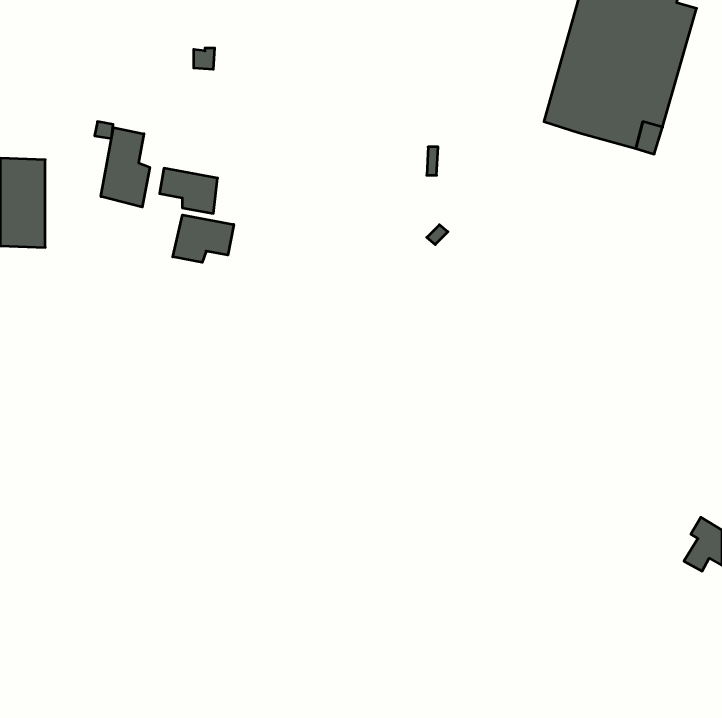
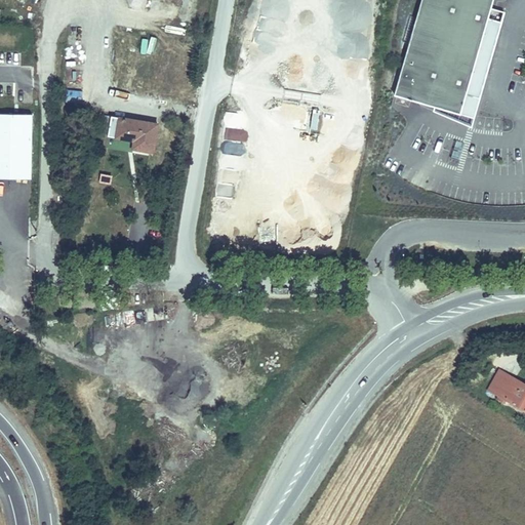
building: [101,128,150,207] -> none
building: [173,215,234,262] -> none

